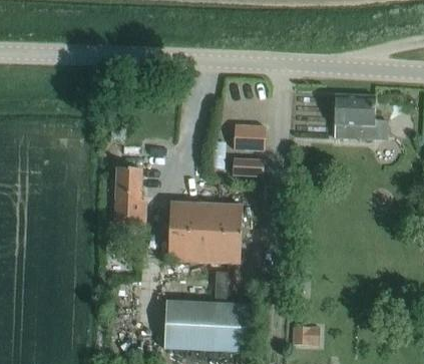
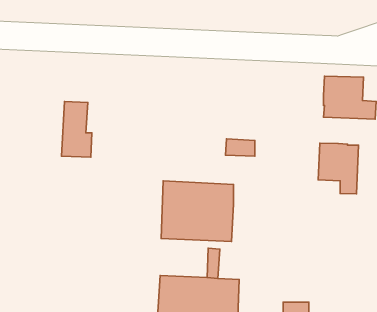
building: [234,124,265,149] -> none
building: none -> [318,143,358,194]
building: [114,167,145,225] -> [61,101,92,157]

